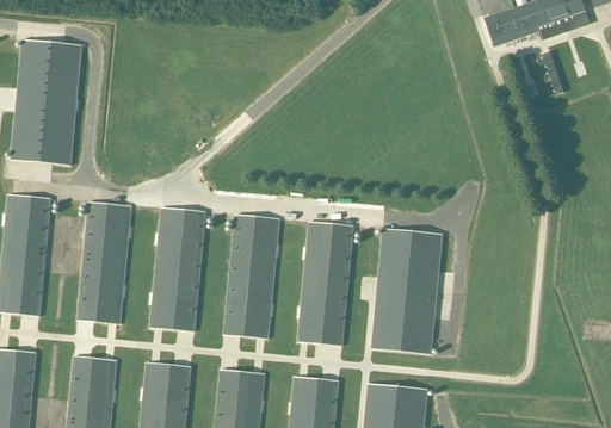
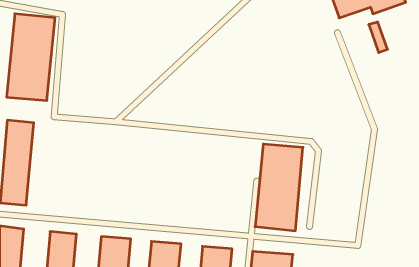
building: [78,200,126,323] -> none
building: [150,207,204,330] -> none
building: [224,213,278,337] -> none
building: [298,221,352,345] -> none

